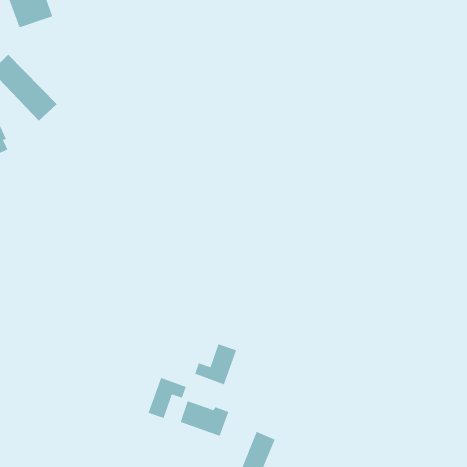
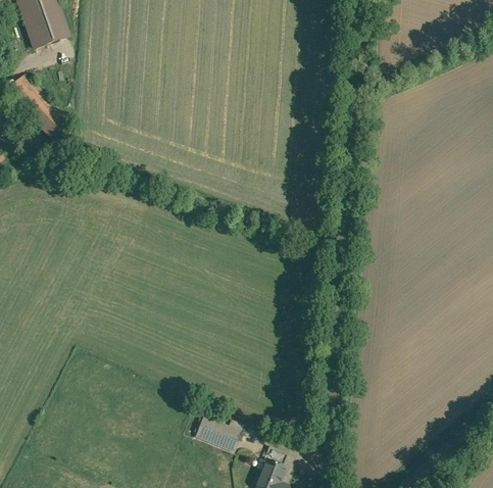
building: [194,343,237,385] -> none
building: [148,377,186,419] -> none

